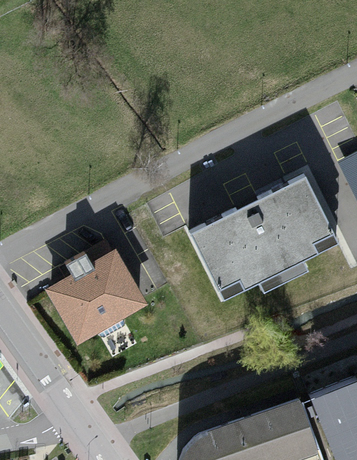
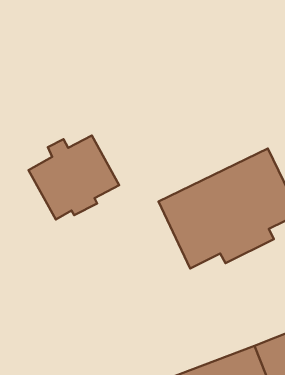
building: [47,251,150,346] -> [28,136,119,219]

